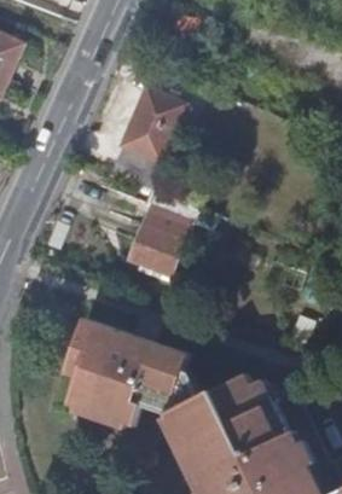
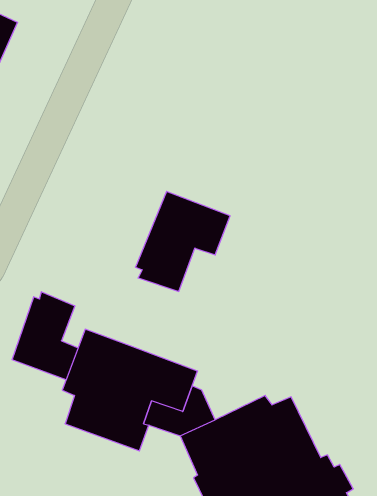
building: [102,92,178,190] -> none
building: none -> [12,292,78,380]

